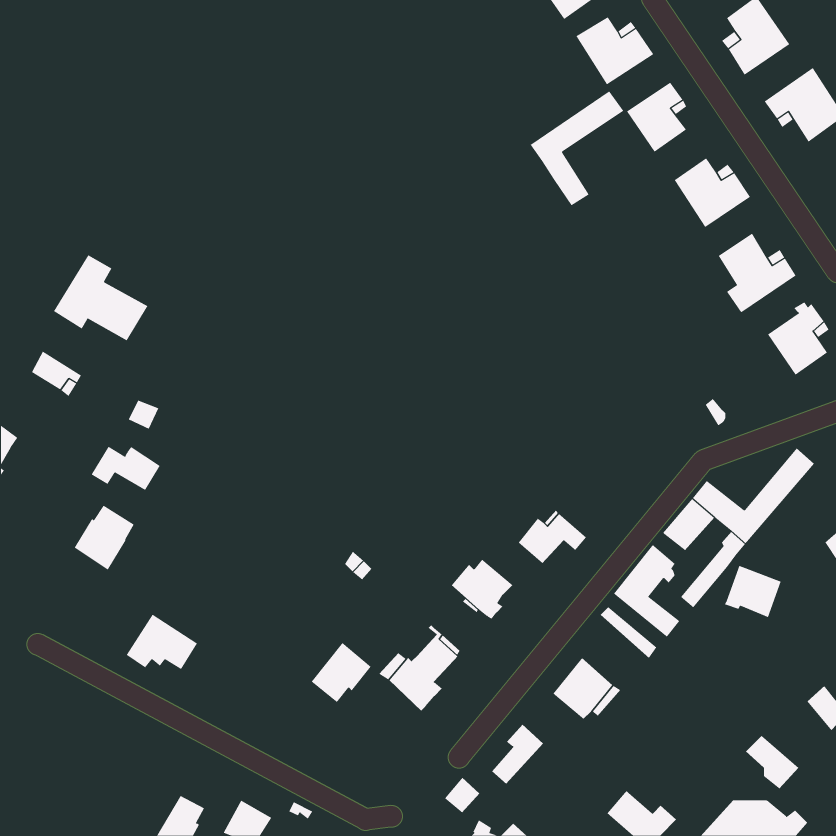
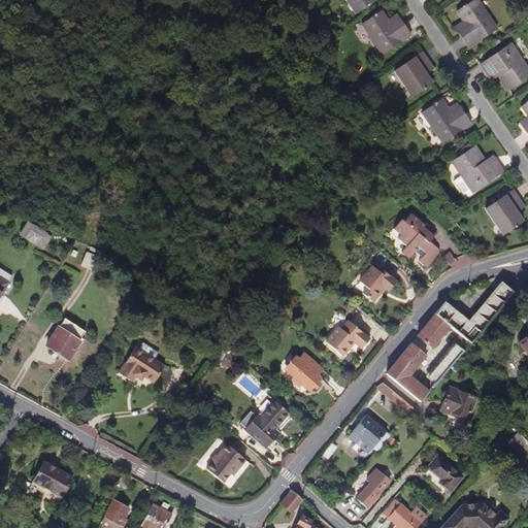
building: [530,90,624,206] -> none
building: [53,254,148,341] -> none
building: none -> [389,212,440,267]
building: none -> [360,266,397,301]
building: [91,446,161,491] -> none
building: [724,565,782,618] -> [440,387,476,420]
building: [126,614,198,670] -> [120,346,165,382]
building: [311,642,372,703] -> [207,443,245,482]
building: [491,724,544,784] -> [358,468,391,506]
building: none -> [33,460,73,504]
building: [745,735,799,789] -> [429,457,463,491]

